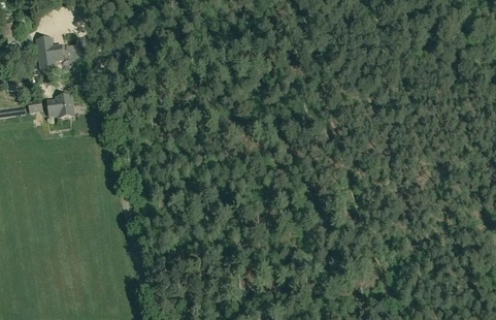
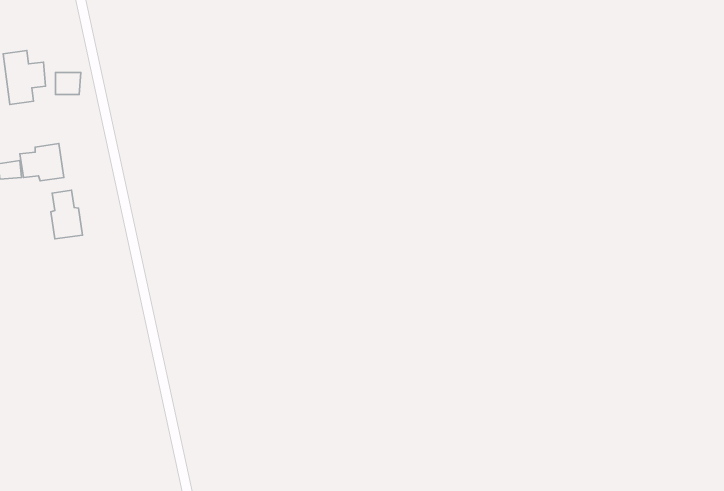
building: none -> [51,190,82,239]

